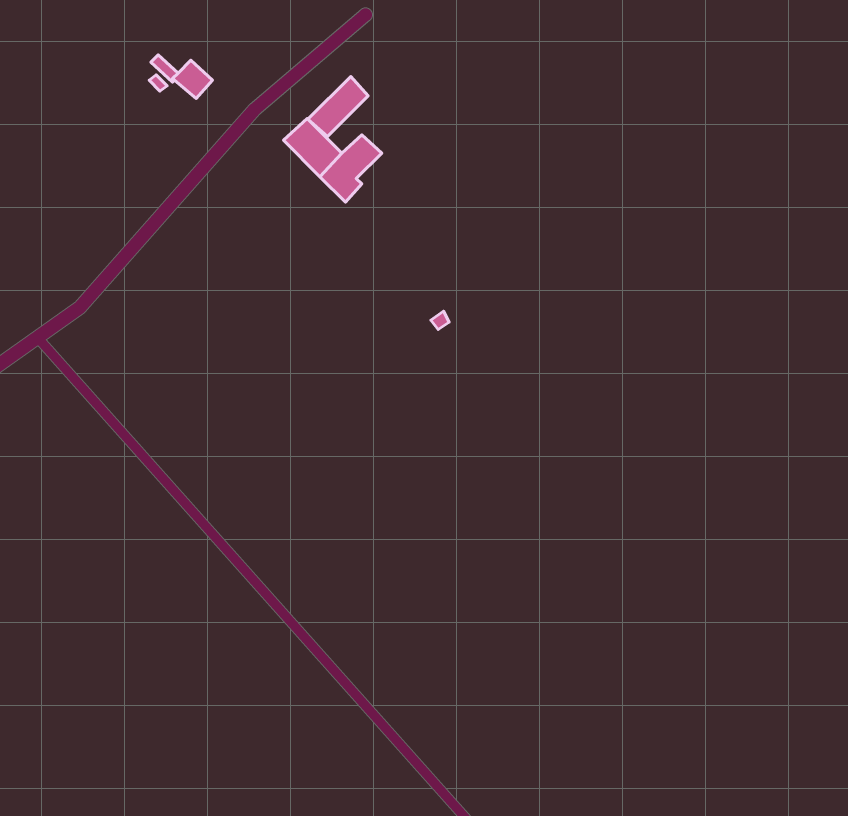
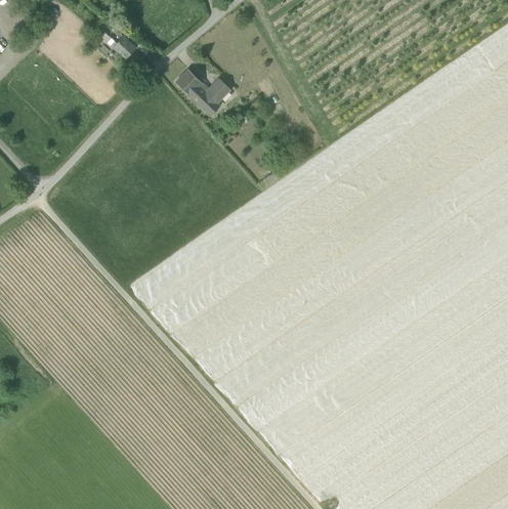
building: [308,76,368,137] -> none

